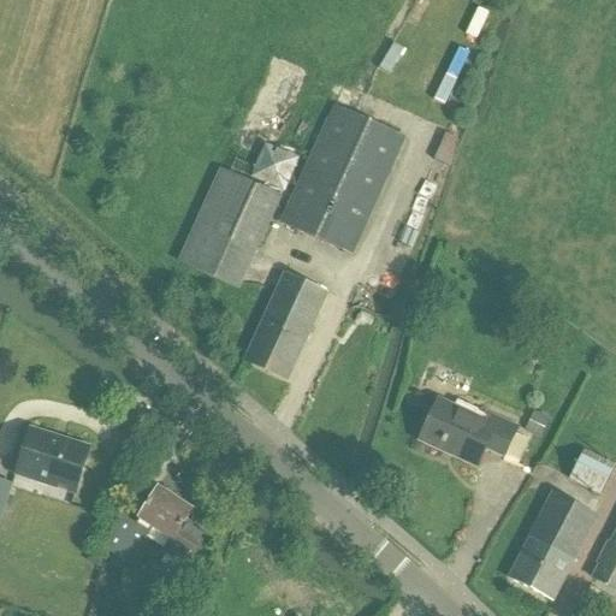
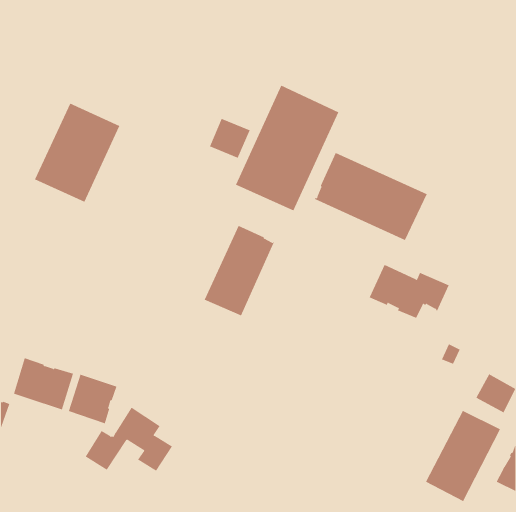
building: [178,166,280,285] -> [34,103,120,203]
building: none -> [315,152,428,241]
building: [420,397,516,462] -> [369,264,450,319]
building: none -> [68,374,117,424]

